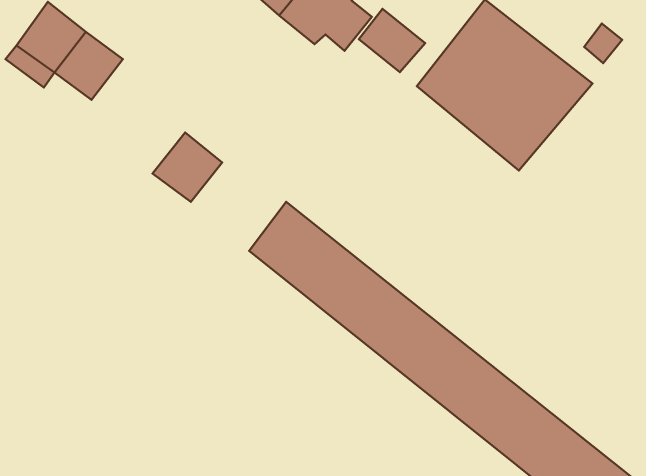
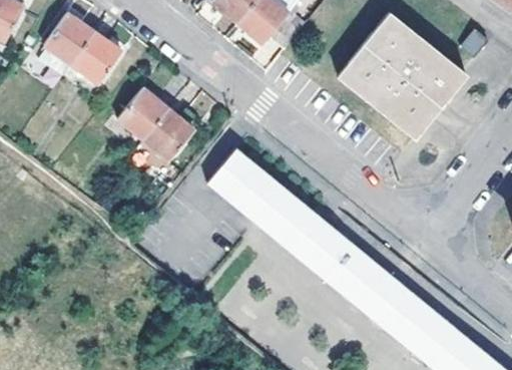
building: [359,9,425,72] -> none
building: none -> [118,87,168,138]

